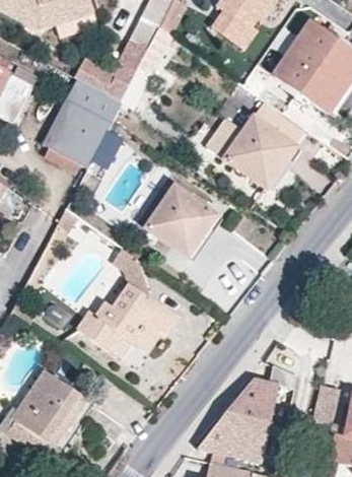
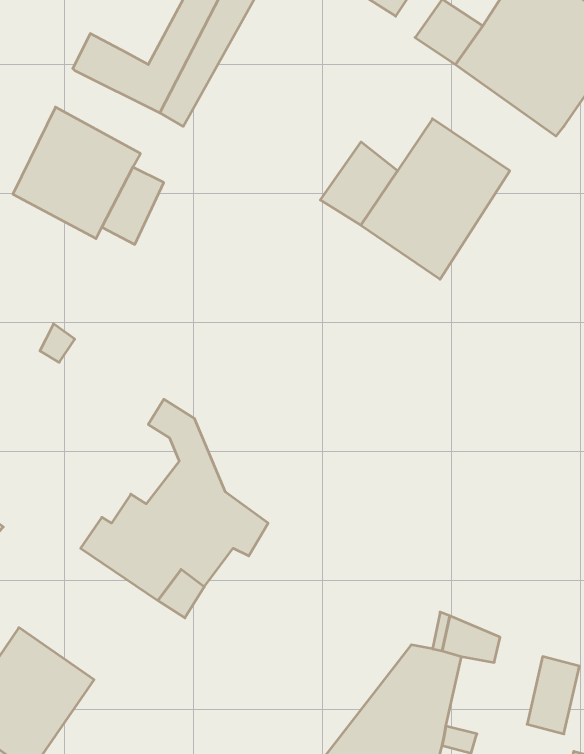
building: [64,77,119,121] -> none
building: [146,186,214,254] -> none

